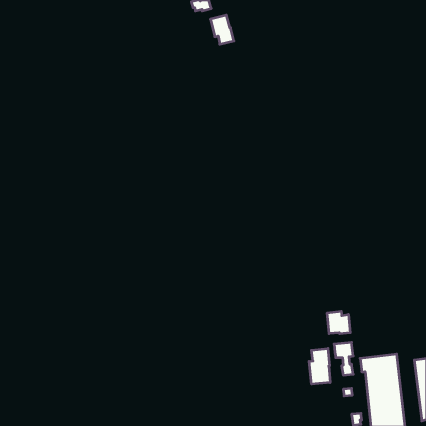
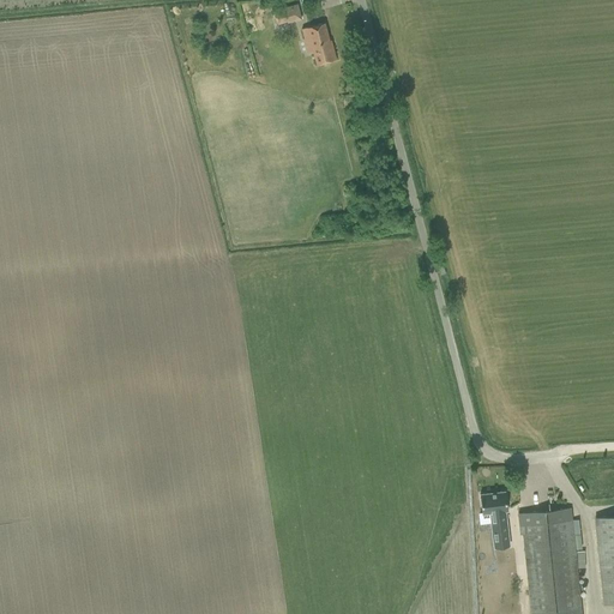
building: [327,311,350,334] -> none
building: [309,348,330,384] -> none

